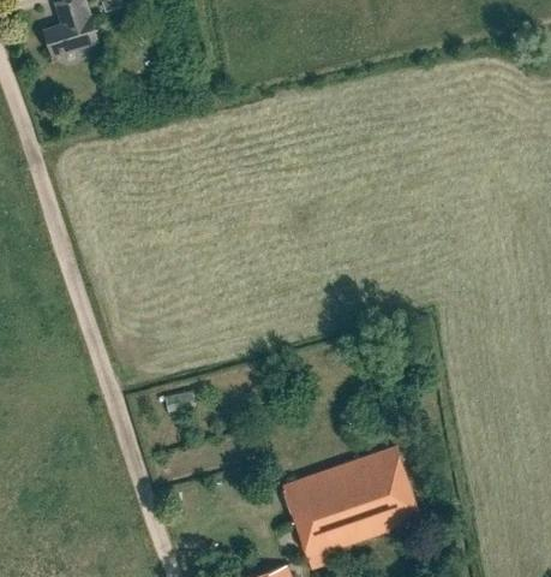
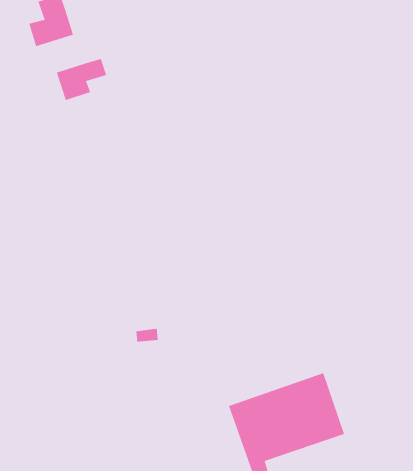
building: none -> [56,58,107,101]

